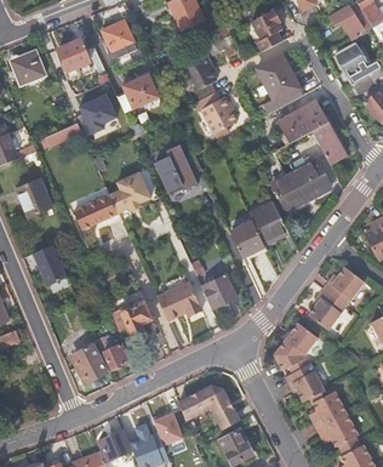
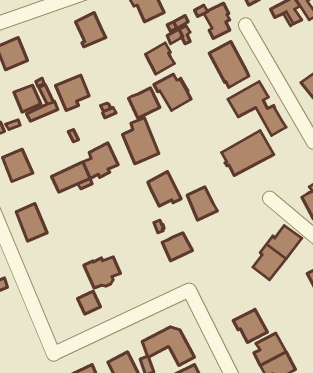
building: [335,35,368,82] -> none
building: [58,39,90,70] -> [14,85,41,112]
building: [122,74,159,109] -> [129,88,160,118]
building: [248,201,287,241] -> [148,172,181,206]
building: [158,283,202,320] -> none
building: [274,323,318,371] -> none
building: [73,343,107,382] -> none

